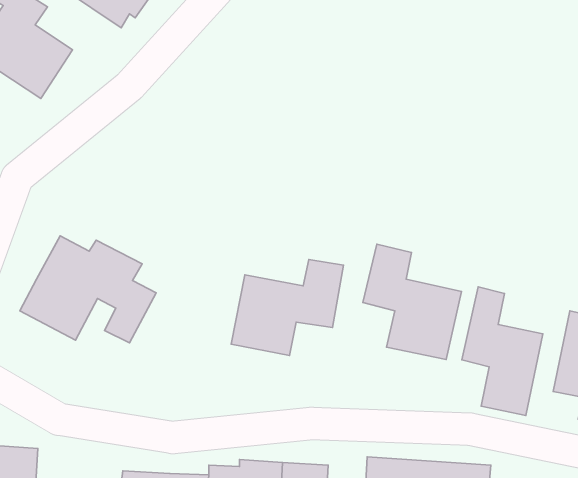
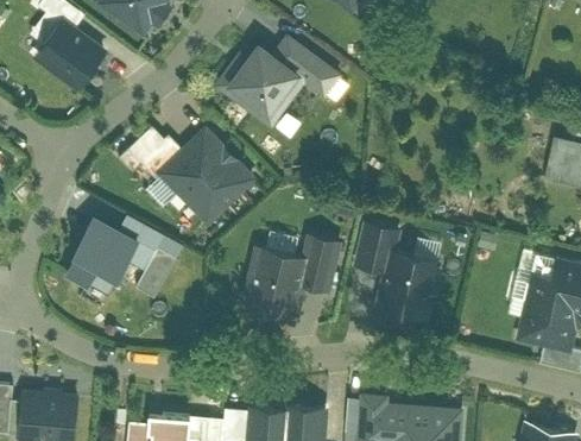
building: none -> [214,33,345,128]
building: none -> [116,125,258,227]
building: [462,287,543,415] -> none

